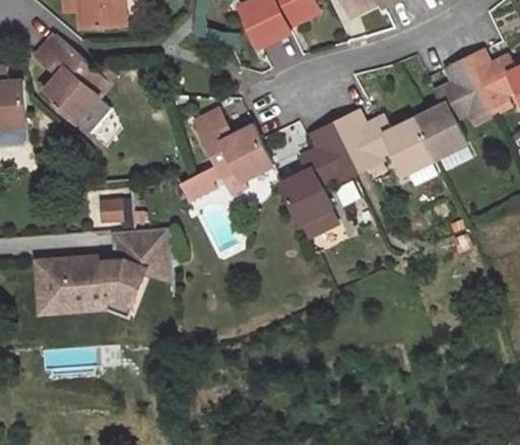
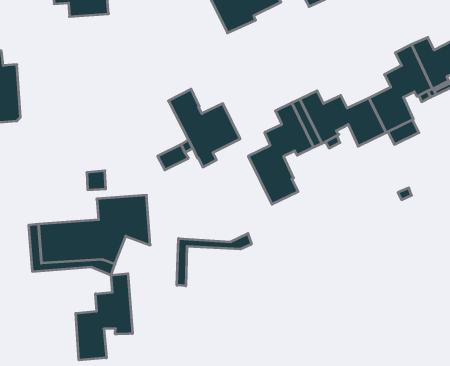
building: [35,33,115,132] -> none
building: none -> [177,233,251,286]
building: none -> [76,274,132,360]

